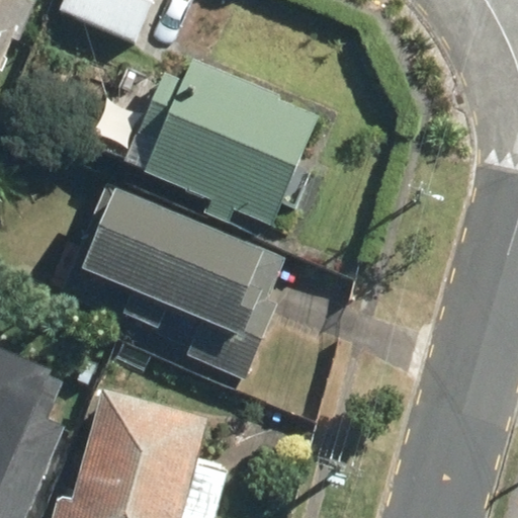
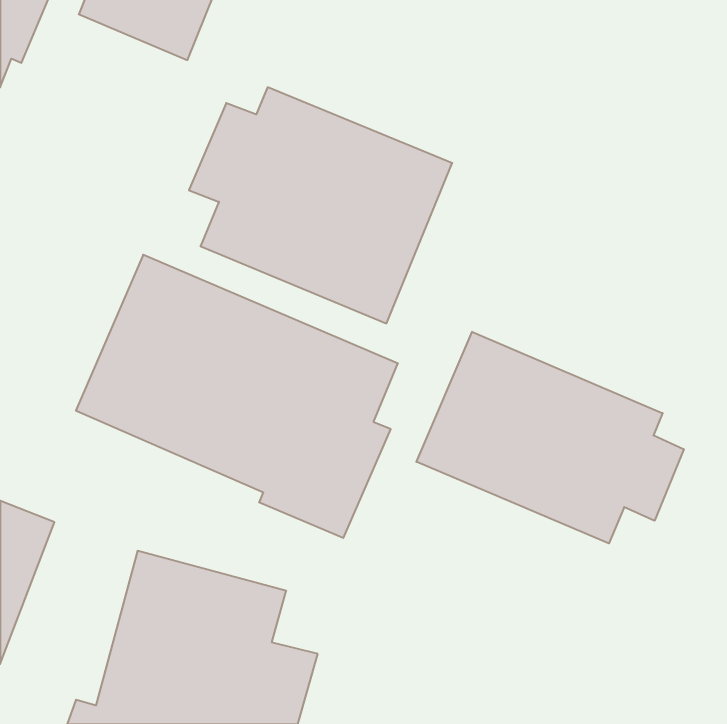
building: none -> [416,332,684,543]

